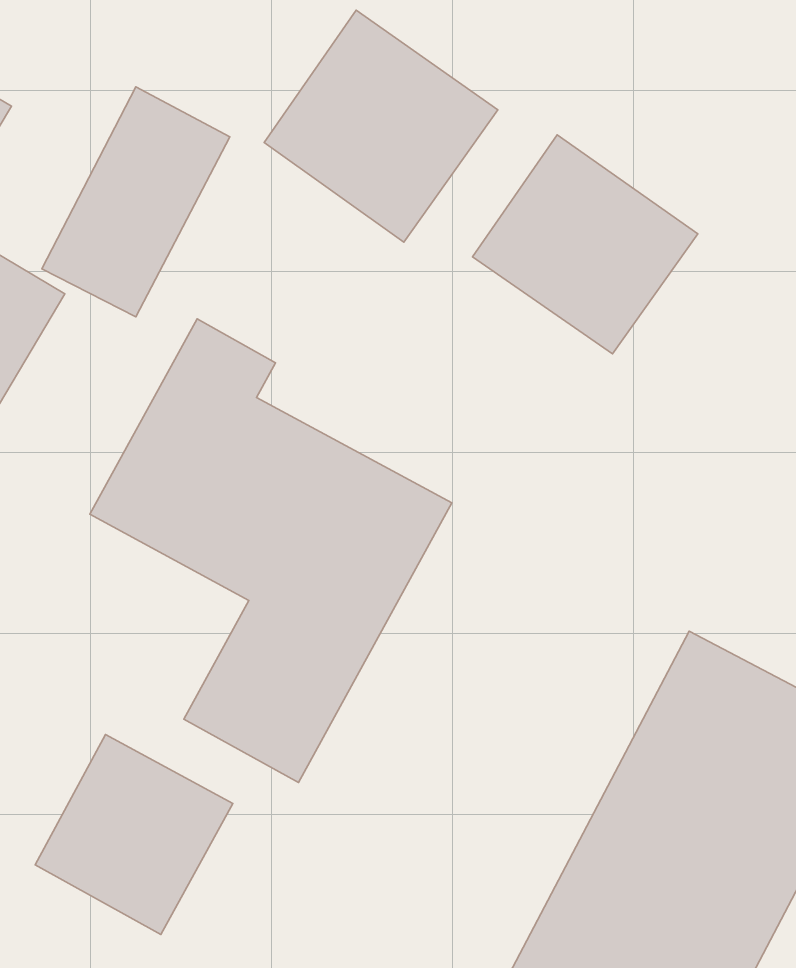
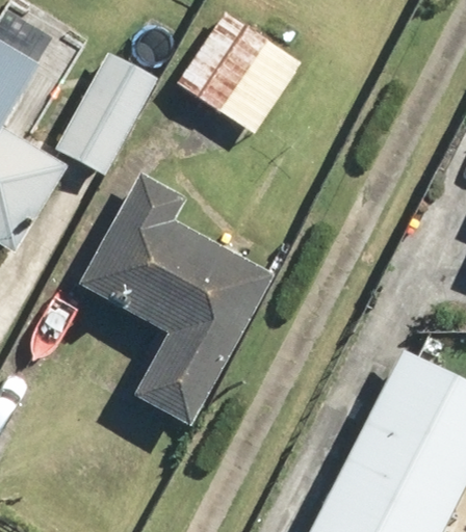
building: [473,135,698,354] -> none
building: [35,734,233,935] -> none

